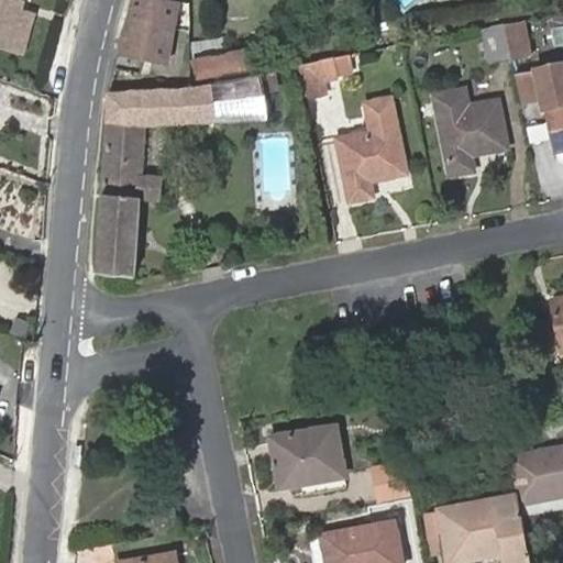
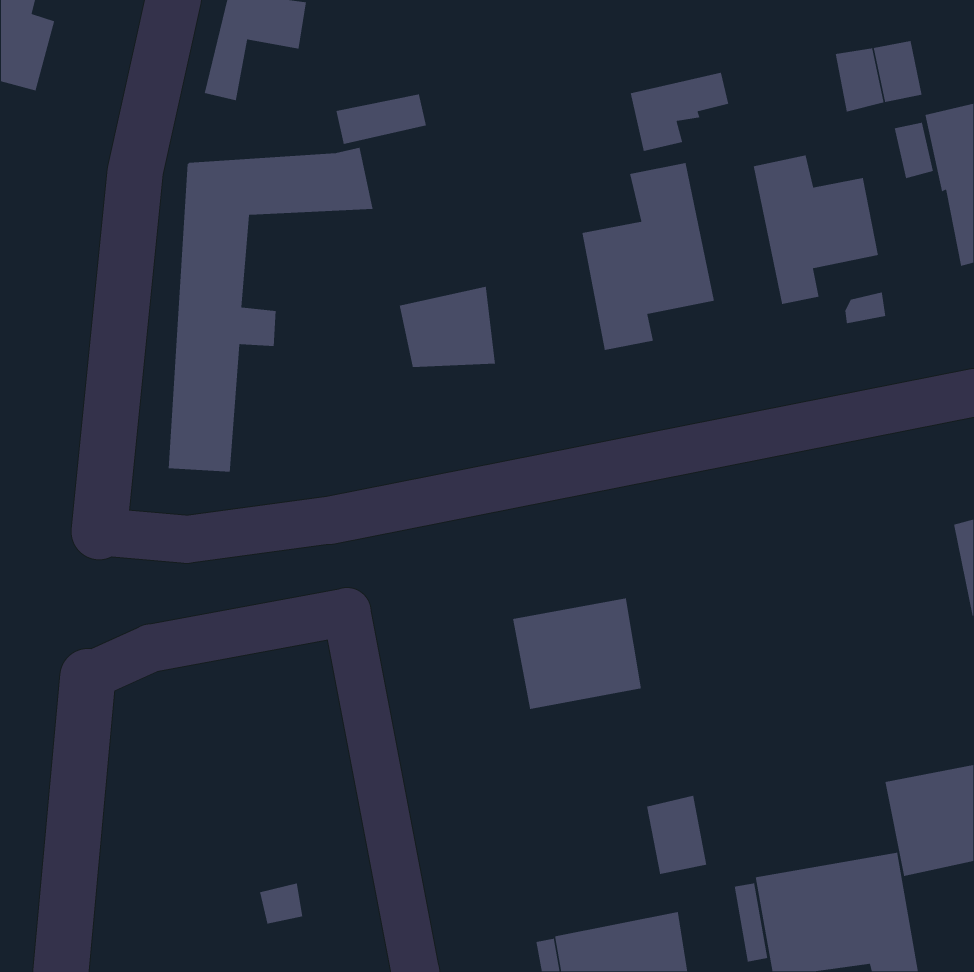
building: [136,23,173,64] -> none
building: [299,53,356,99] -> [630,72,729,152]
building: [208,74,264,121] -> [399,286,496,368]
building: [268,427,343,492] -> [512,597,642,710]

